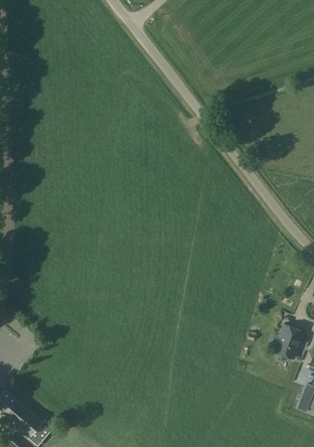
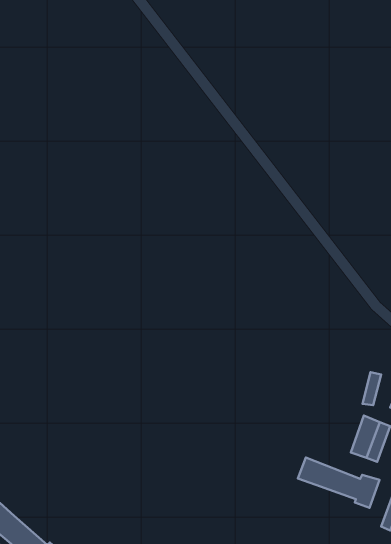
building: none -> [298,457,379,508]

